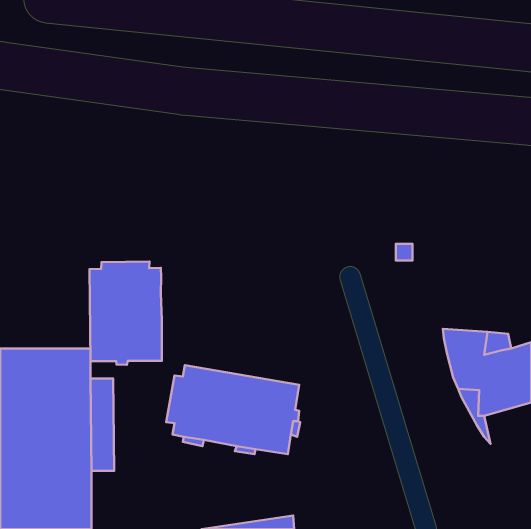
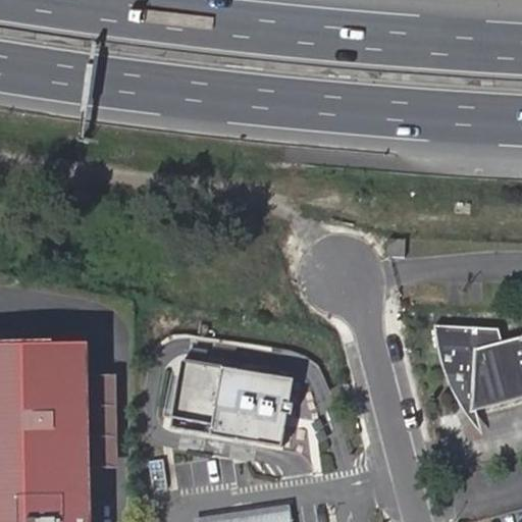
building: [90,261,162,365] -> none

